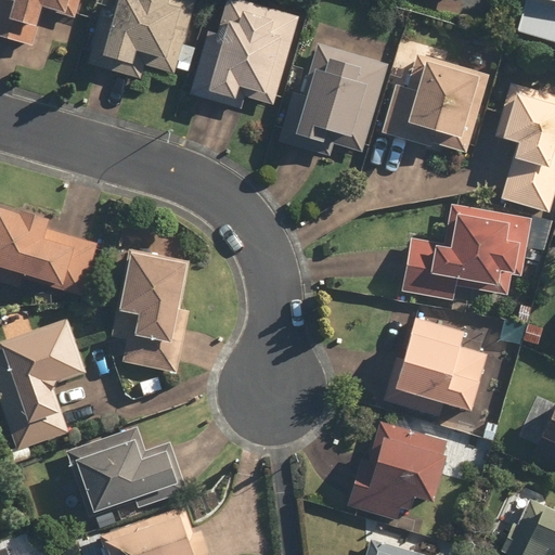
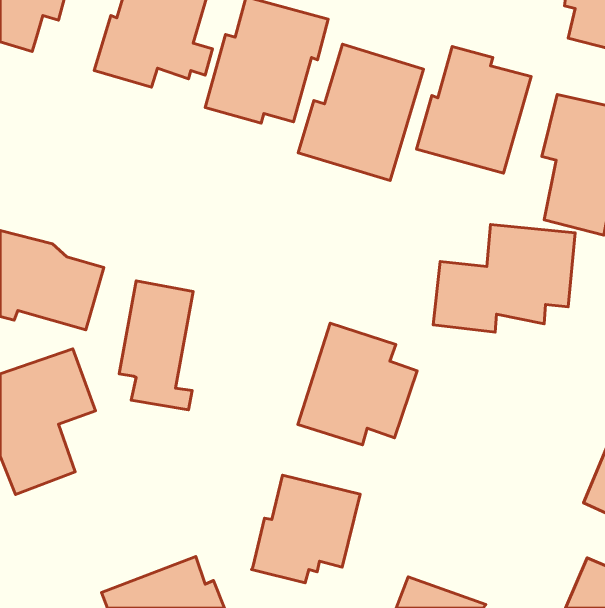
building: [380,310,489,421] -> [298,323,417,445]
building: [348,423,447,520] -> [251,475,360,583]
building: [66,427,188,517] -> none

